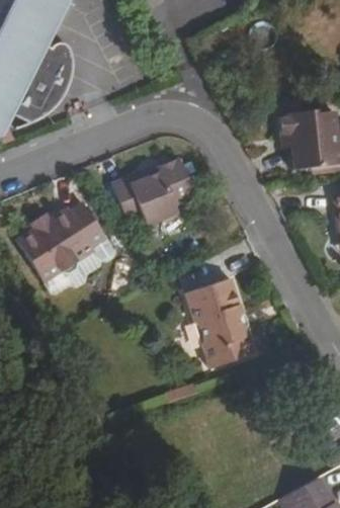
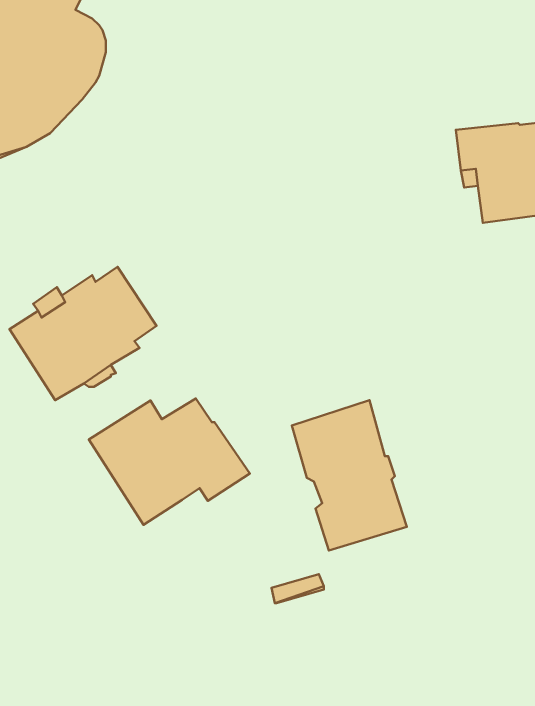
building: [110,159,195,224] -> none
building: none -> [89,398,250,525]

